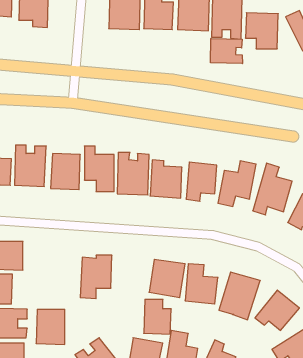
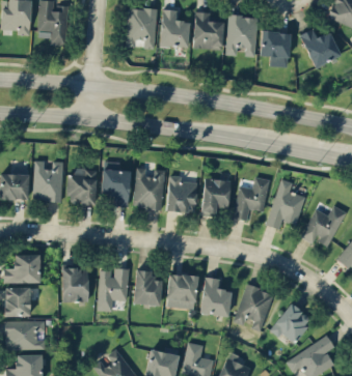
building: [211,38,242,64] -> none
building: [144,299,171,334] -> [134,270,161,305]
building: [36,309,65,344] -> [61,268,89,302]

